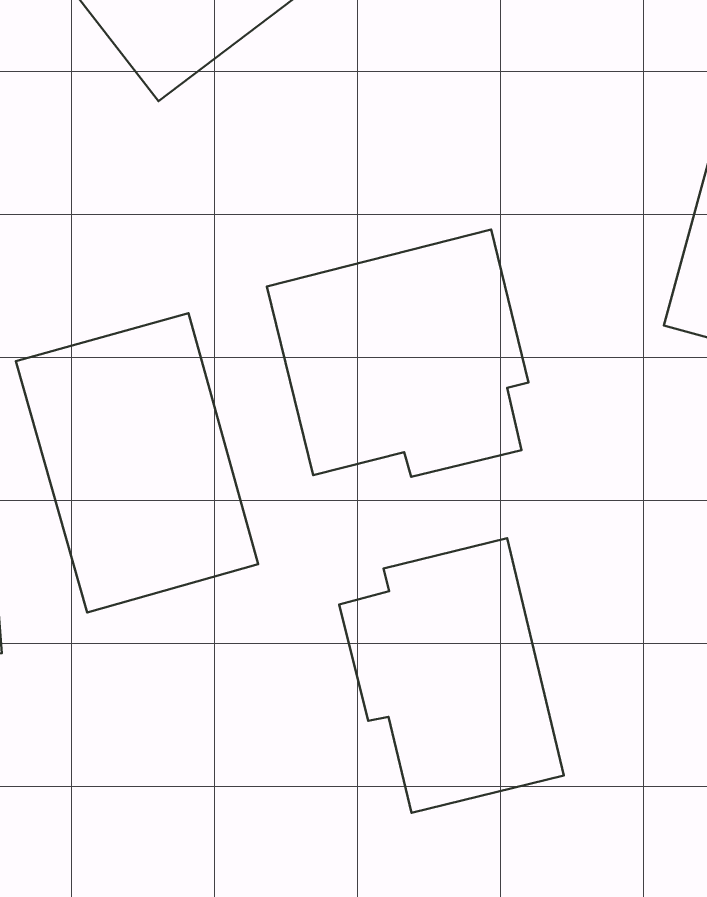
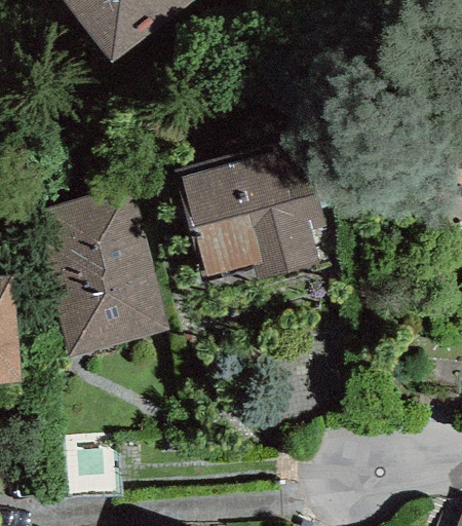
building: [339,538,564,813] -> none

